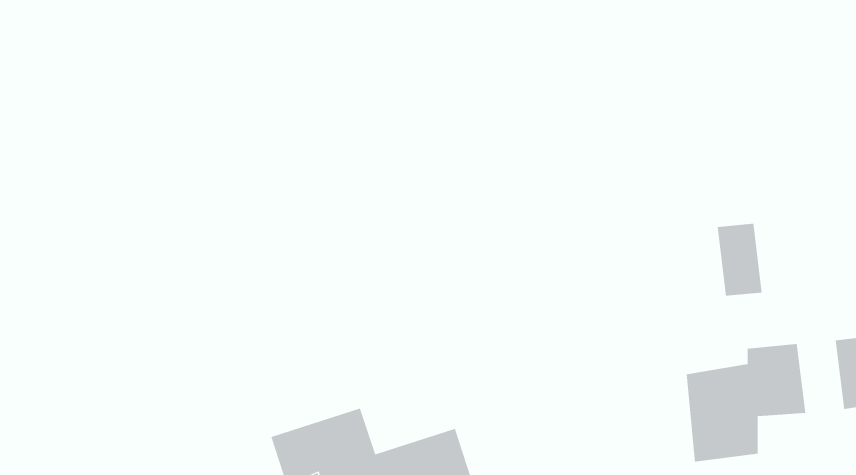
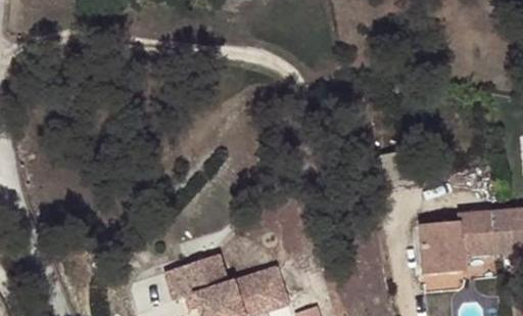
building: [717,223,763,296] -> [483,212,511,256]

